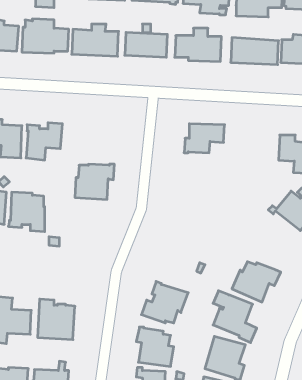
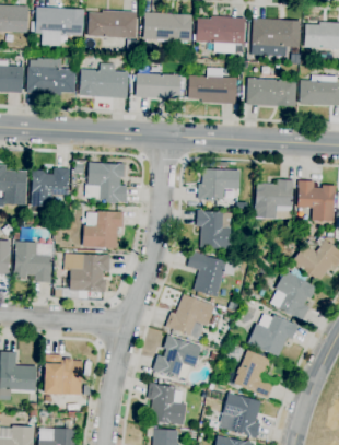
building: none -> [84,162,126,203]
building: none -> [255,178,294,219]
building: none -> [196,210,236,249]
building: none -> [187,250,236,296]
building: none -> [63,253,109,292]
building: none -> [270,264,316,320]
building: none -> [165,294,214,335]

